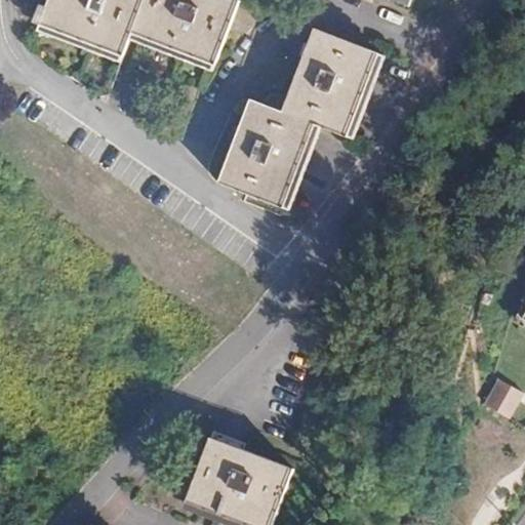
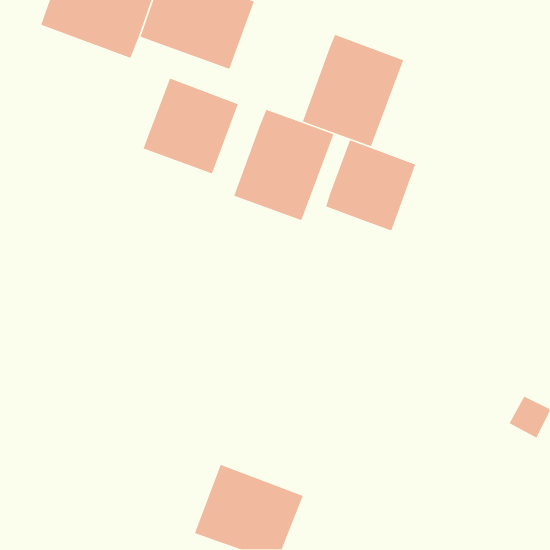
building: none -> [143,77,239,175]
building: none -> [325,139,416,232]

